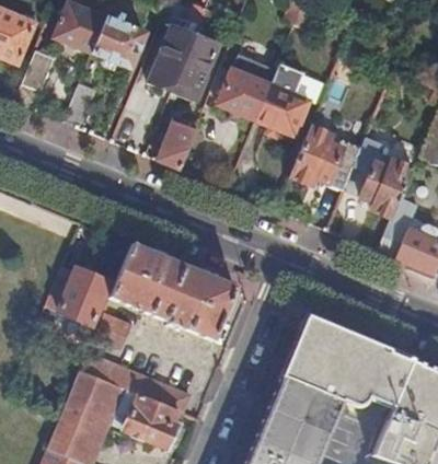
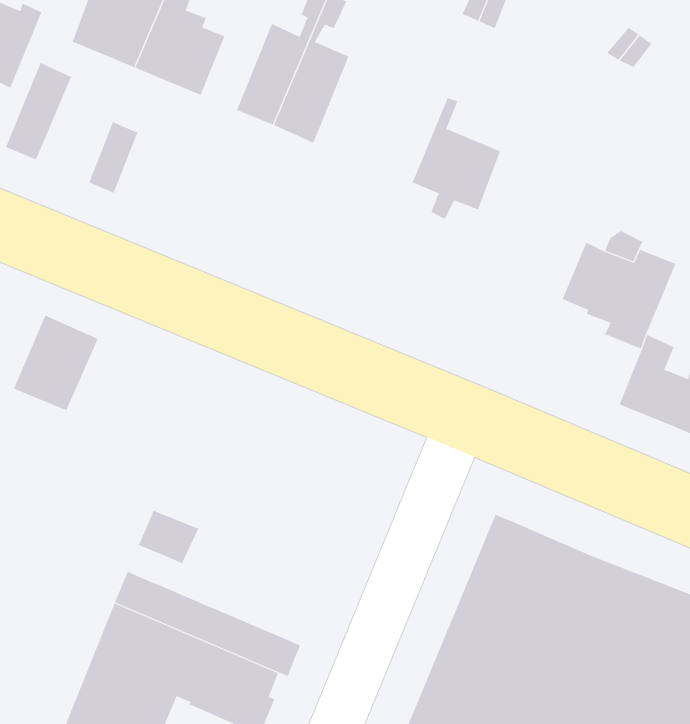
building: [217,55,276,127] -> none
building: [159,123,197,169] -> none
building: [289,127,360,189] -> none
building: [108,244,234,340] -> none
building: [58,267,108,324] -> [13,315,98,411]

